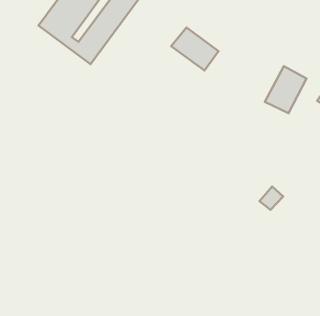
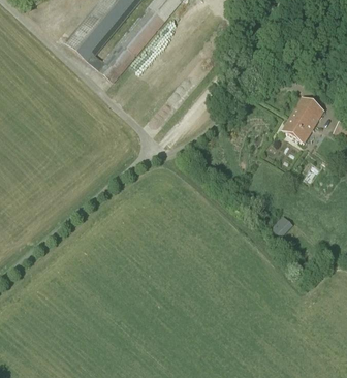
building: [171,27,218,71] -> none

